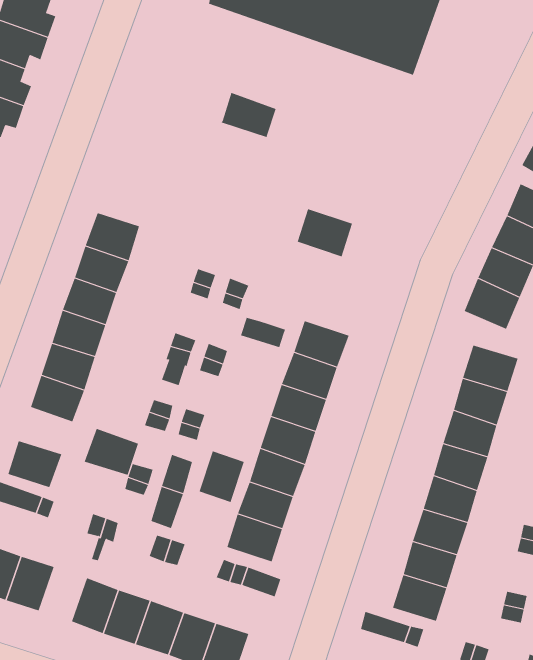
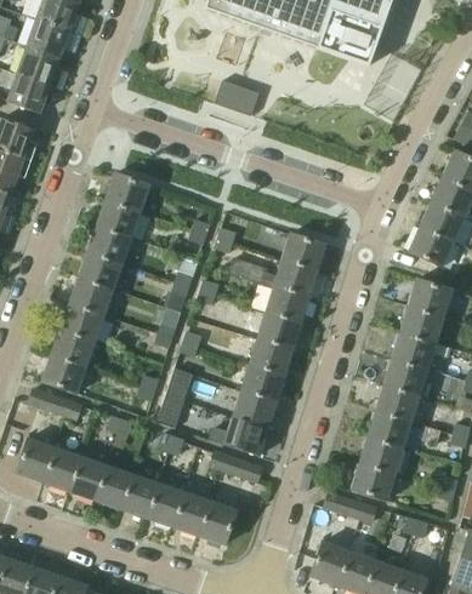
building: [297,208,353,257] -> [280,234,325,273]
building: [84,428,139,475] -> [52,330,96,367]
building: [199,451,245,503] -> none
building: none -> [69,457,107,501]

